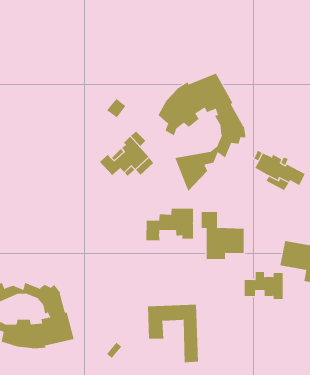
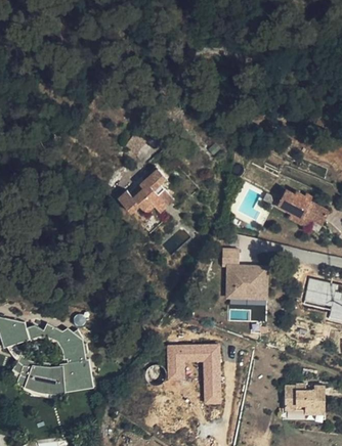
building: [158,73,246,192] -> none
building: [146,208,193,241] -> none
building: [244,272,284,299] -> [285,385,326,413]

